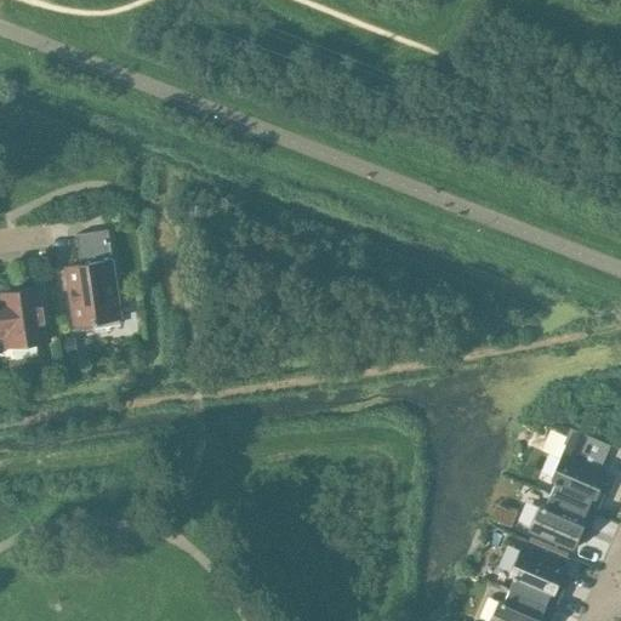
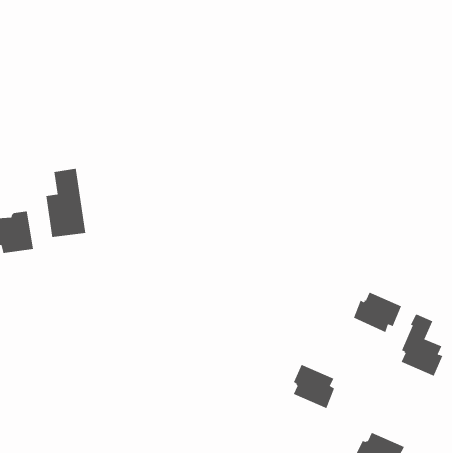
building: [525,496,592,552] -> [353,292,402,333]
building: [496,551,563,611] -> [286,364,335,409]

